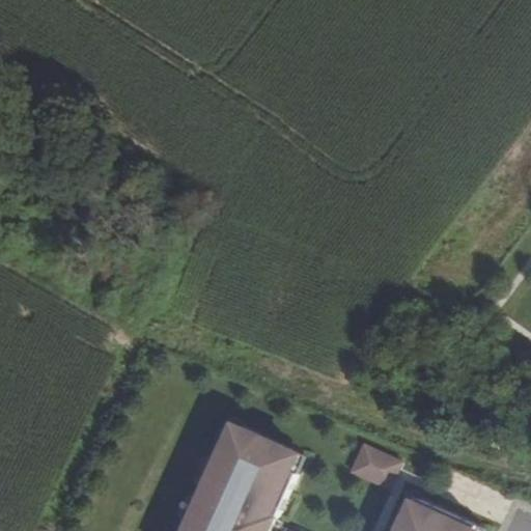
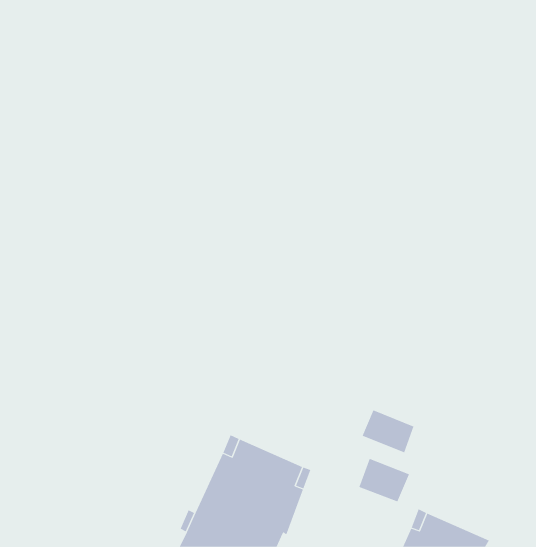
building: none -> [362,409,414,453]

